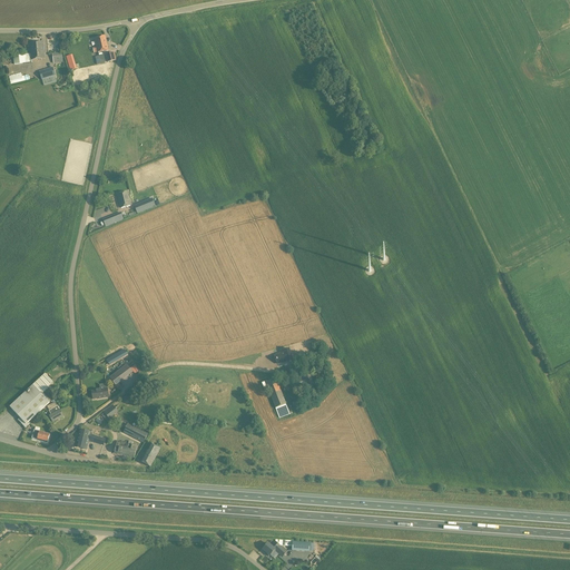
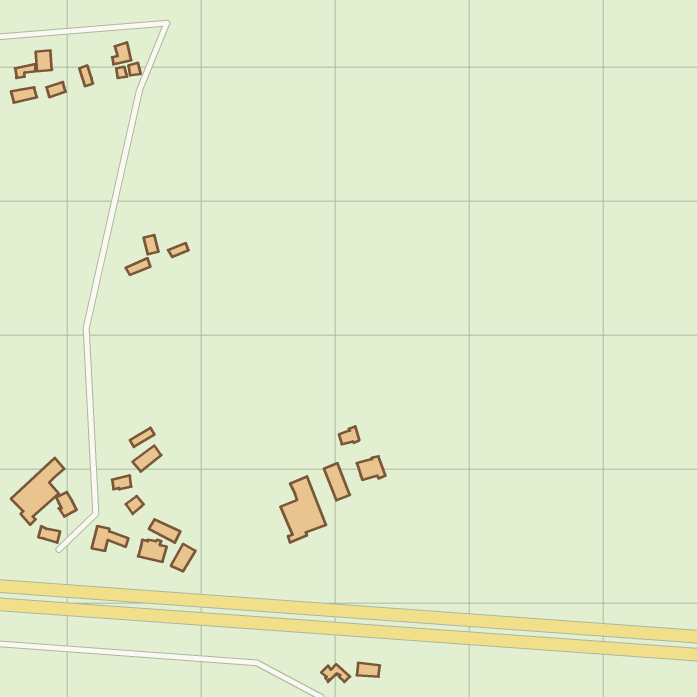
building: none -> [281,476,326,543]

